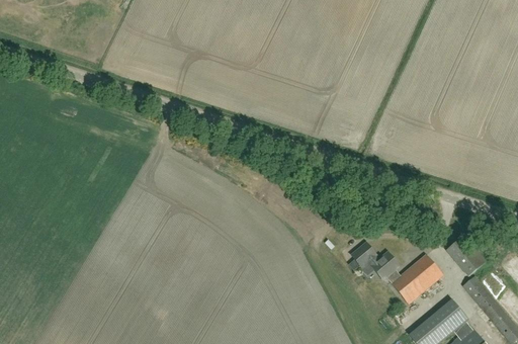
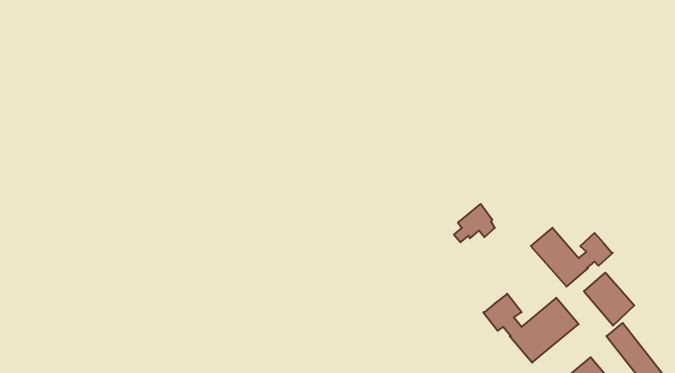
building: none -> [531,228,613,287]
building: [347,240,378,269] -> [454,204,495,242]

